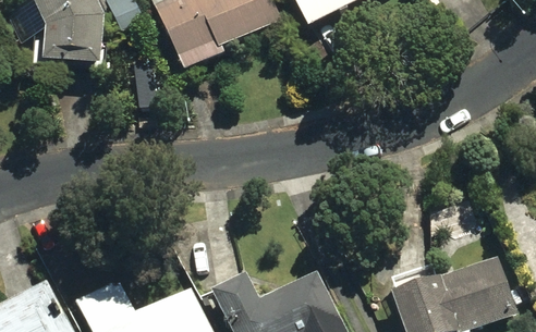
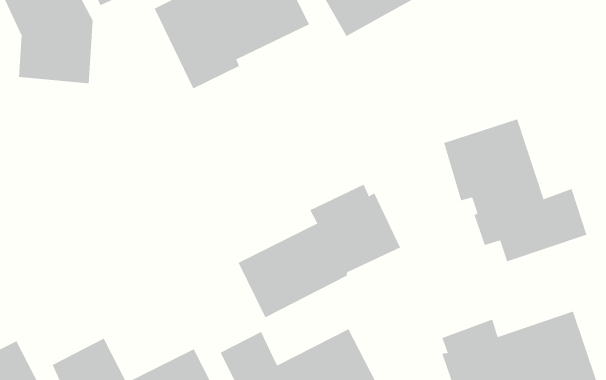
building: none -> [443,118,587,262]
building: none -> [238,184,401,318]

